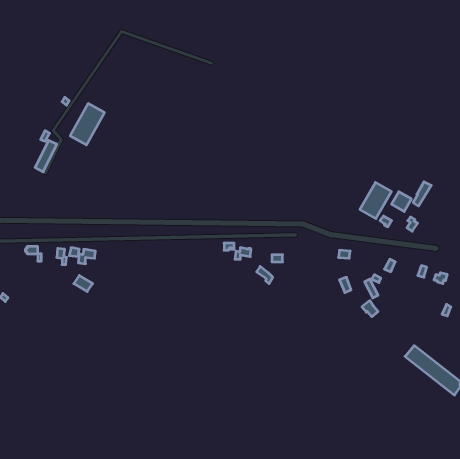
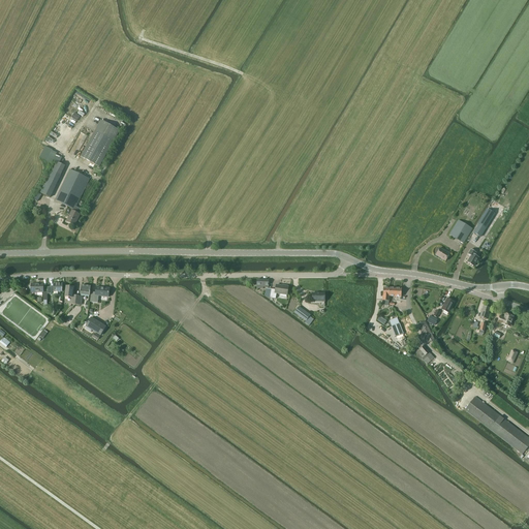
building: none -> [55,168,89,225]
building: [360,182,391,219] -> none

